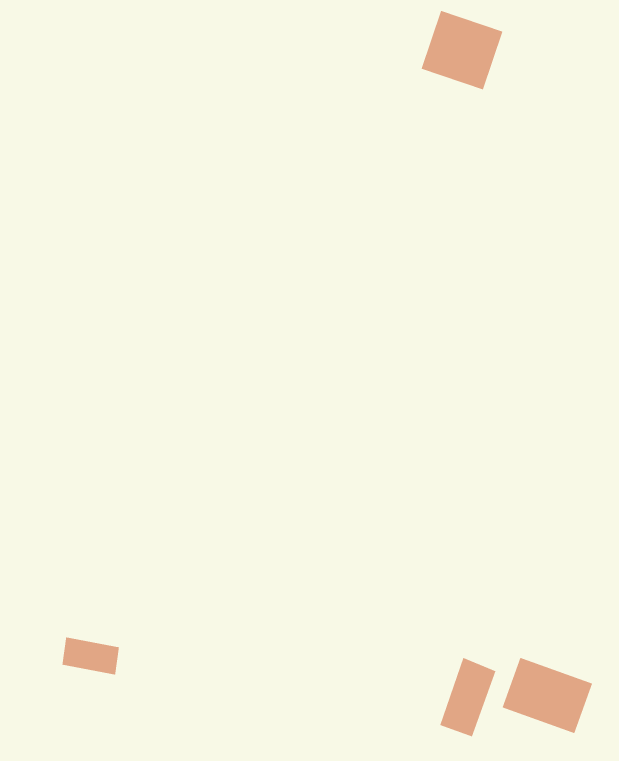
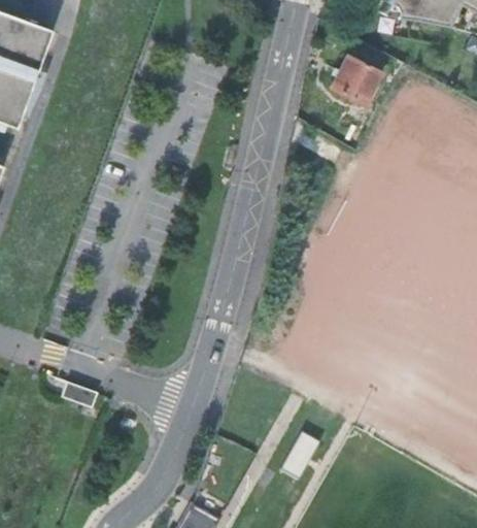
building: [502,657,593,734] -> none

